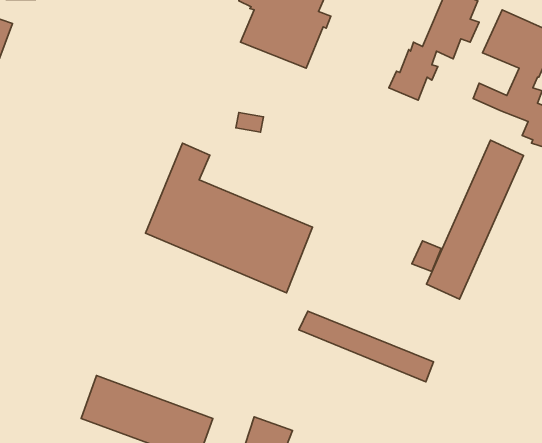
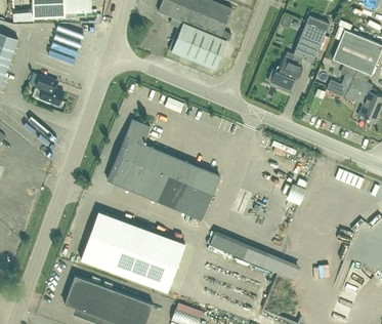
building: none -> [32,75,62,106]
building: [427,140,523,299] -> none
building: none -> [80,211,184,291]

